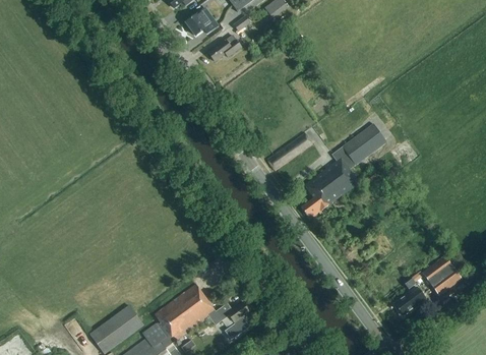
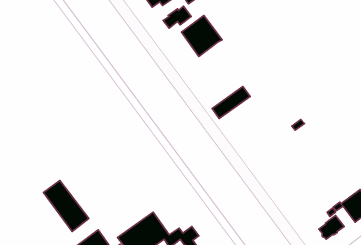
building: none -> [182,15,222,56]
building: [300,123,385,216] -> none
building: none -> [44,180,89,232]

